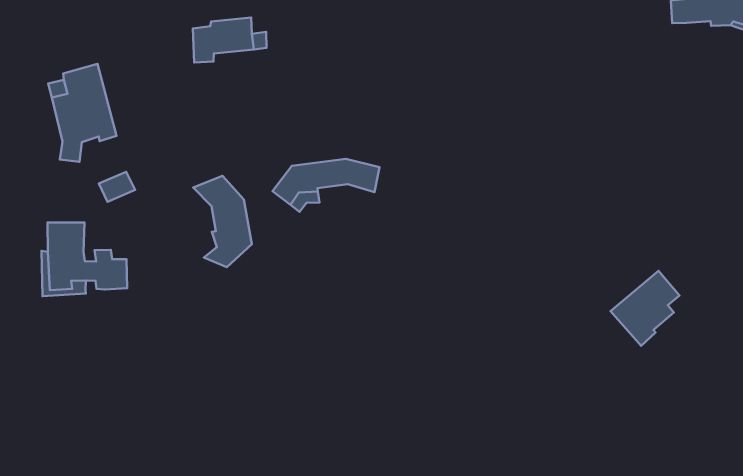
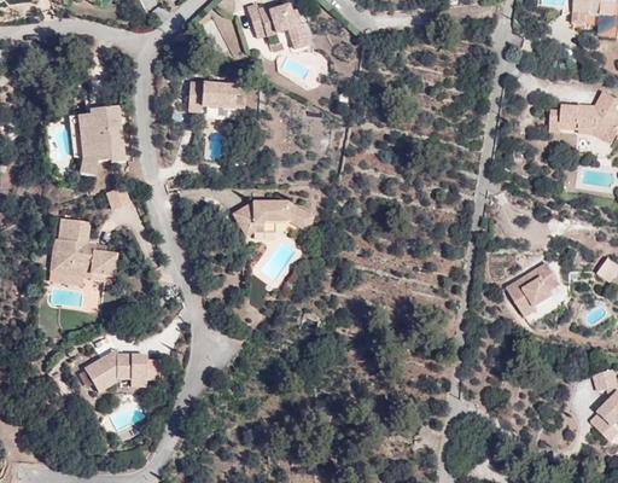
building: [193,176,252,267] -> none
building: [611,271,680,346] -> [508,264,561,319]
building: none -> [87,353,162,391]

